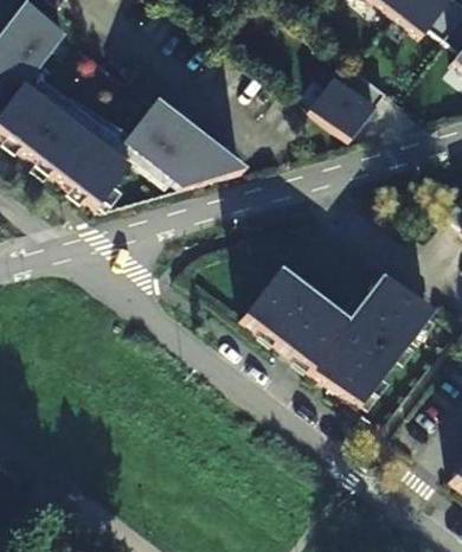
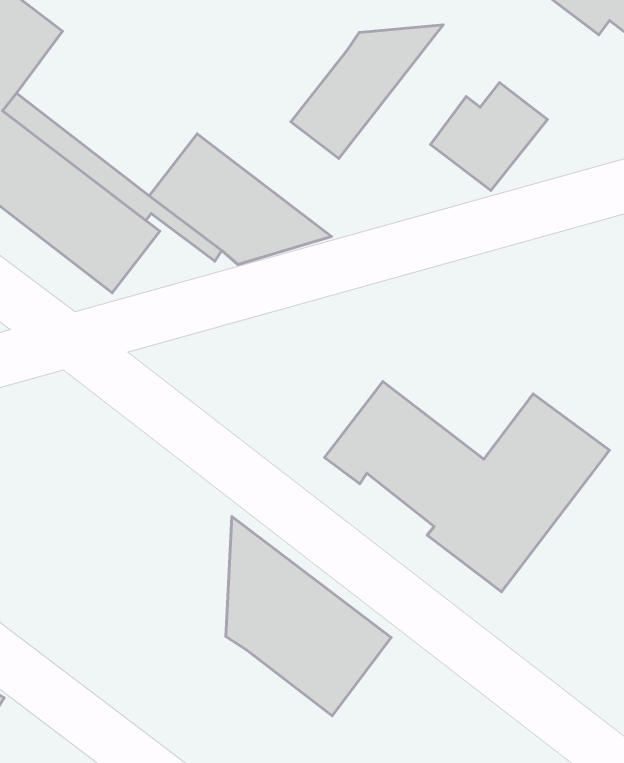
building: none -> [291,25,443,159]
building: none -> [226,517,391,716]

